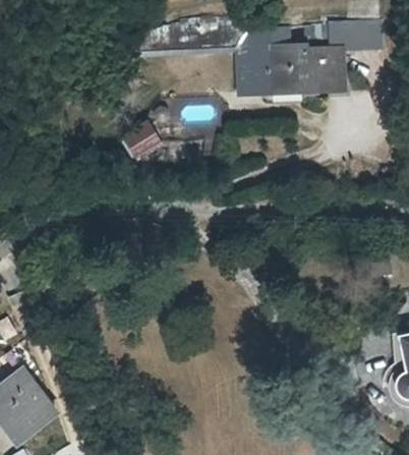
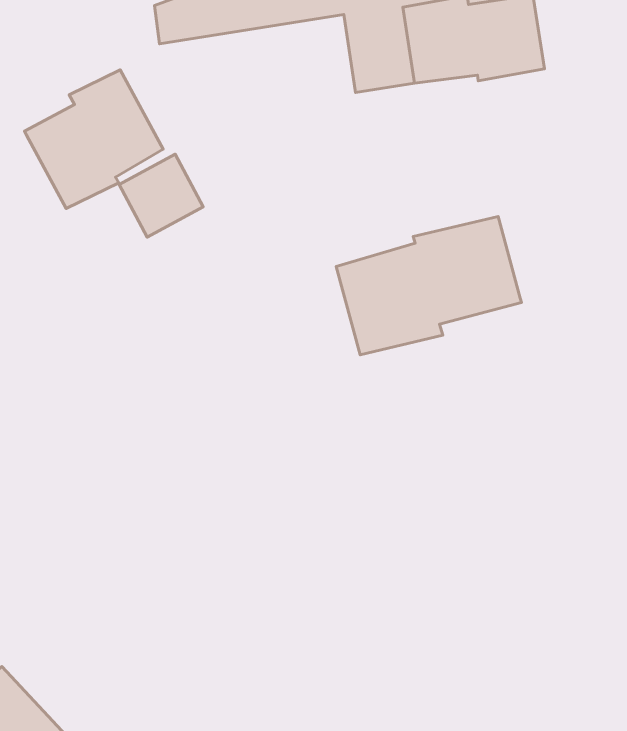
building: none -> [24,70,163,209]
building: none -> [336,216,522,355]

